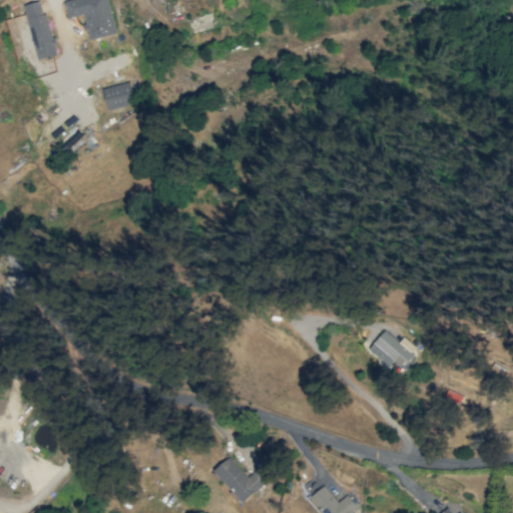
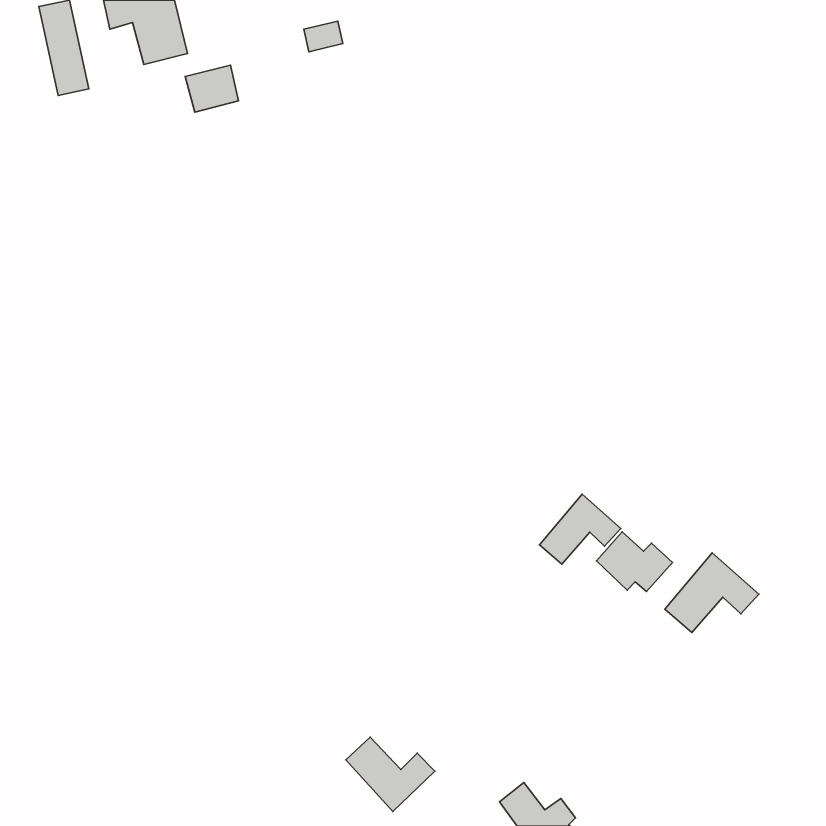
building: [102,81,135,110] -> [185,65,239,112]
building: none -> [540,494,621,564]
building: none -> [665,553,759,632]

